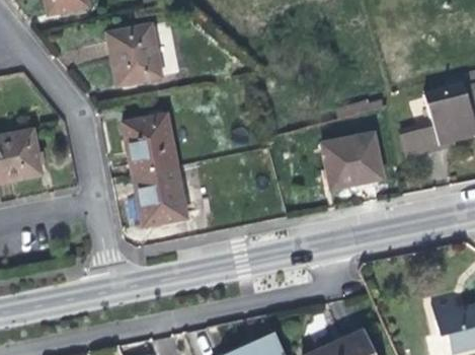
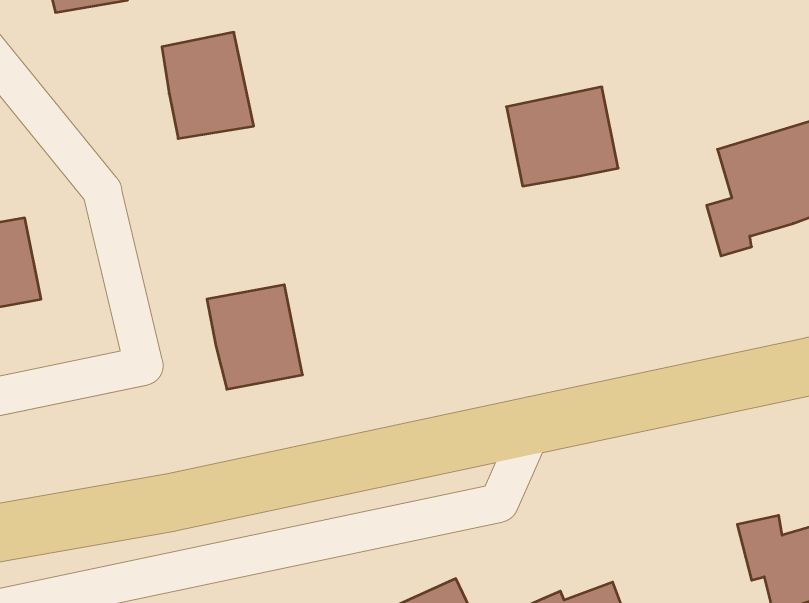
building: [124,117,178,175] -> none
building: [321,135,384,191] -> [506,87,618,186]

